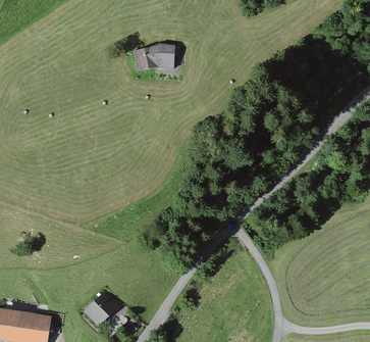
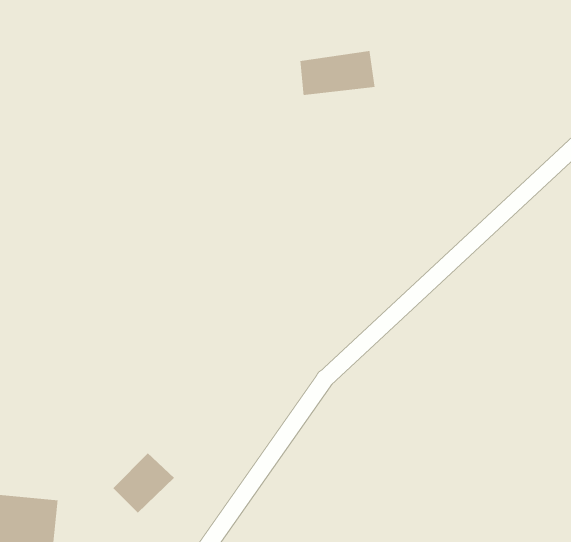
building: [136,42,181,69] -> [299,50,375,96]

